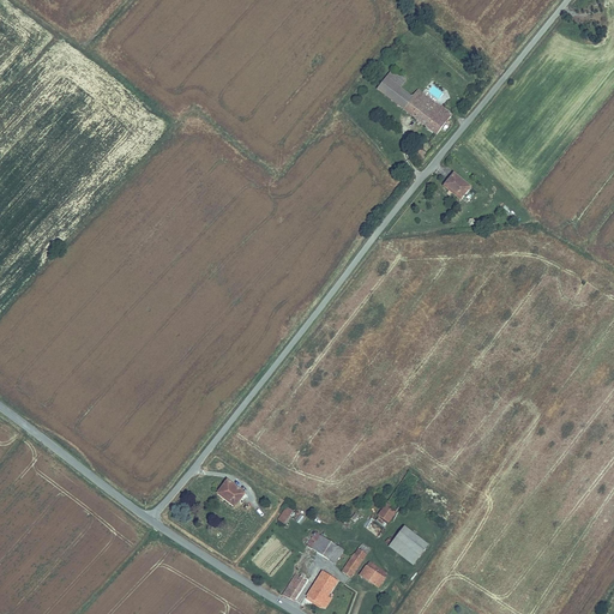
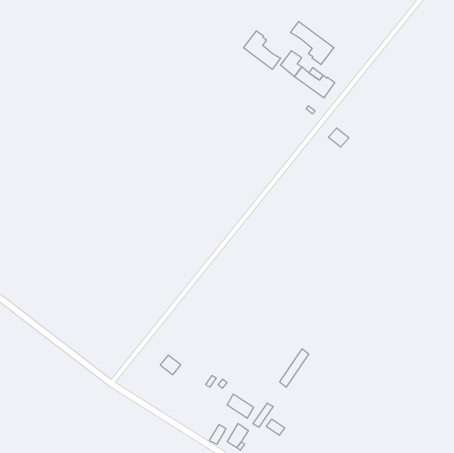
building: none -> [291,21,334,65]
building: none -> [243,31,281,69]
building: [390,524,429,562] -> none

